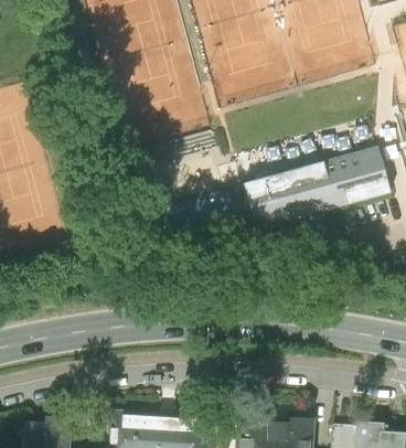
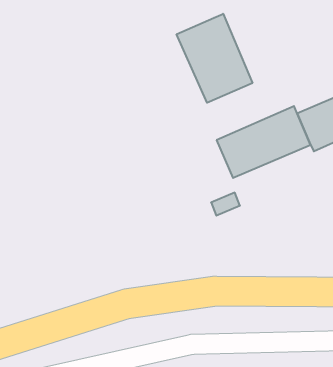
building: none -> [177,14,252,103]

